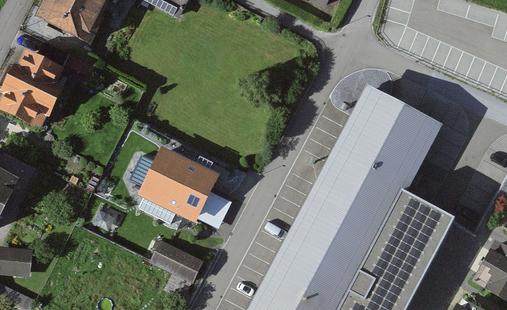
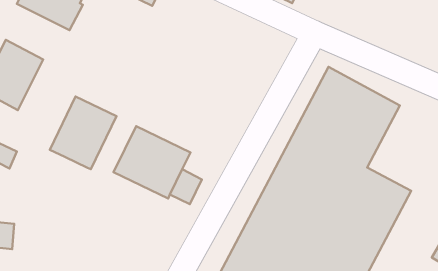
building: none -> [50,97,117,169]
building: [153,242,205,285] -> none

